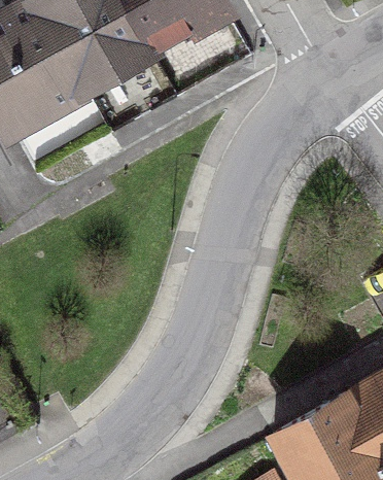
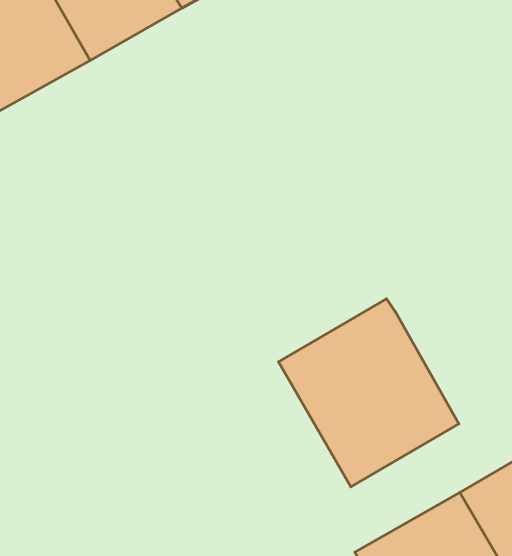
building: none -> [279,299,459,487]

